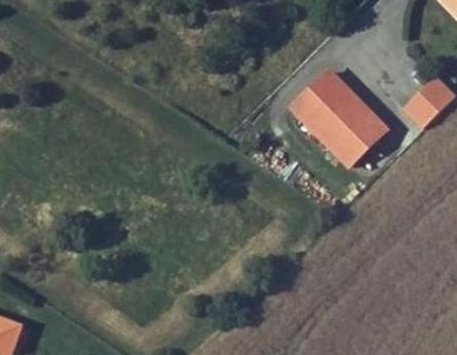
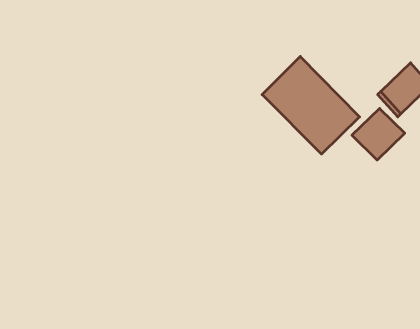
building: none -> [352,108,405,160]

